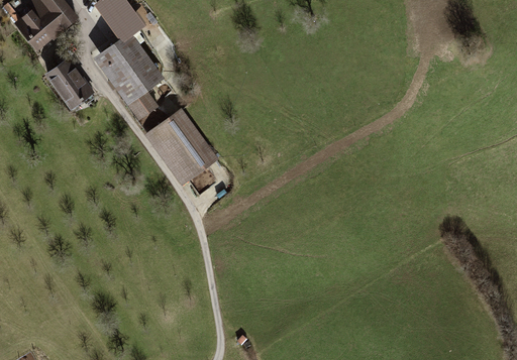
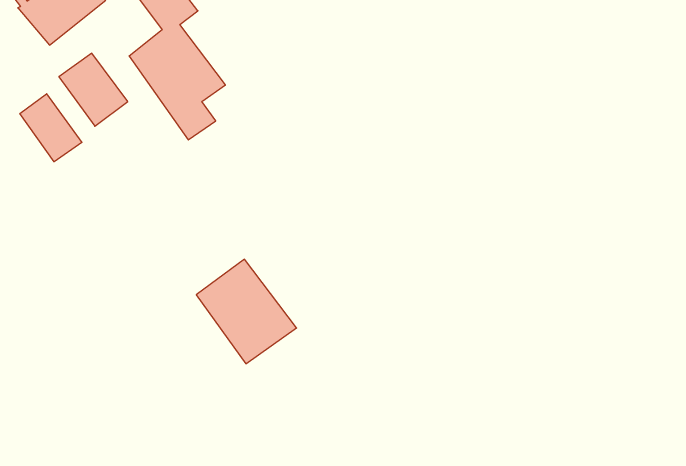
building: none -> [20,94,82,162]
building: [145,108,219,185] -> [196,259,297,364]

